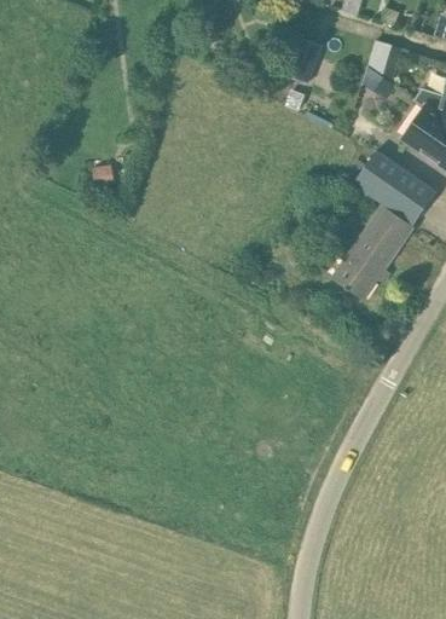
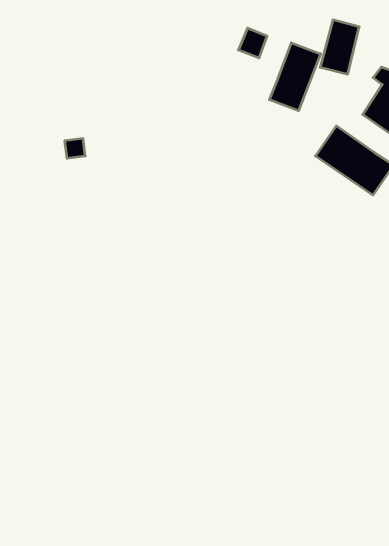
building: none -> [269,43,321,111]
building: [334,207,412,297] -> none

